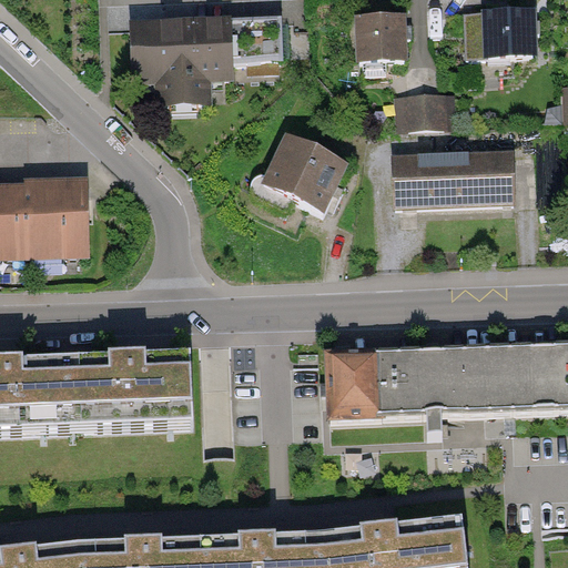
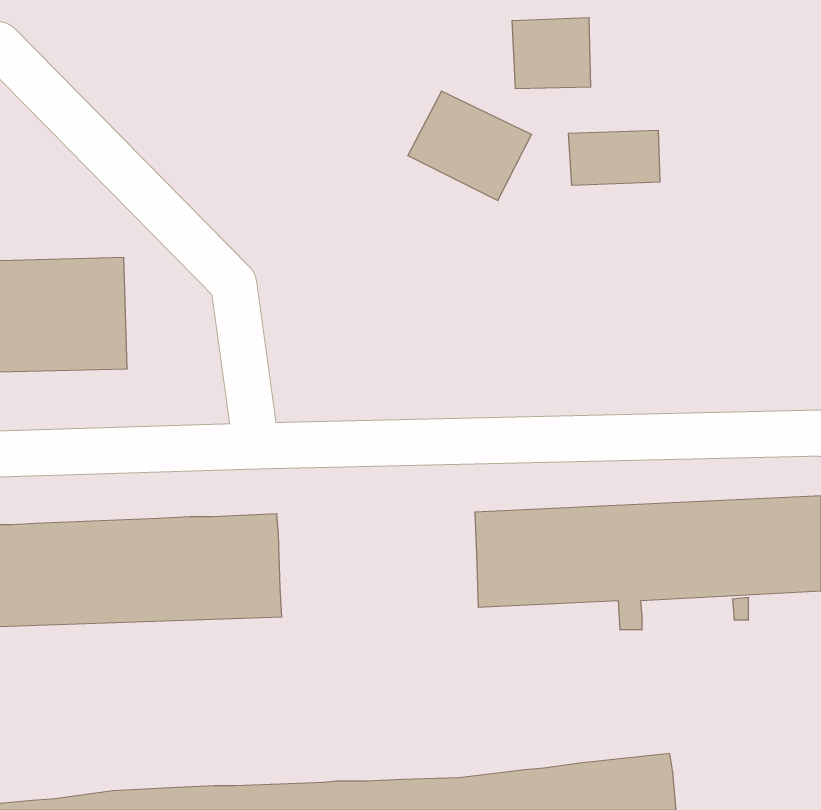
building: [464,8,538,59] -> none
building: [129,18,280,103] -> none
building: [260,135,345,211] -> [408,91,532,201]
building: [395,153,511,204] -> none

